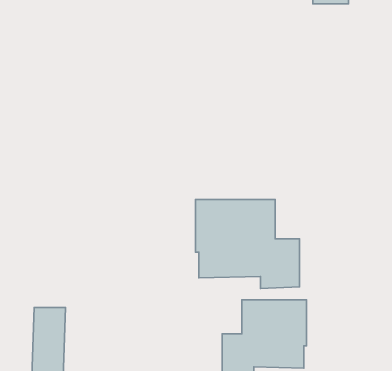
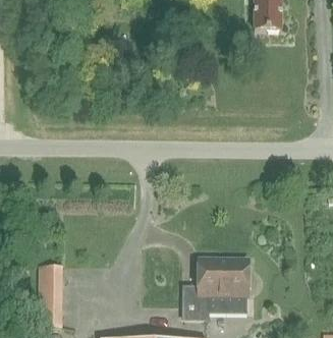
building: [195,200,299,288] -> none

